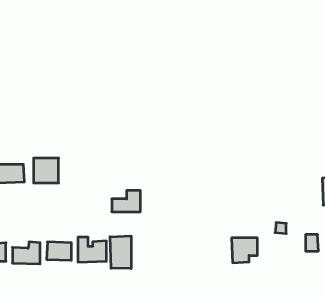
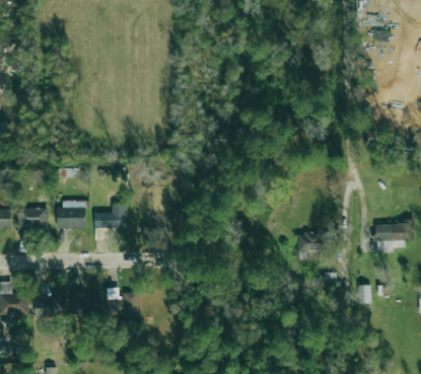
building: [112,191,140,212] -> [94,204,126,227]
building: [110,236,131,269] -> none
building: [232,238,257,263] -> [297,232,326,259]

